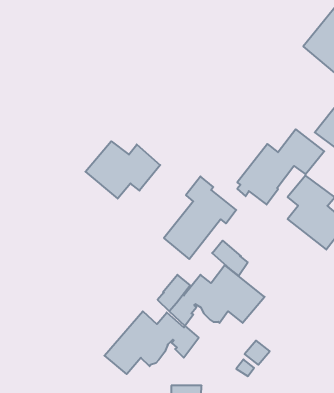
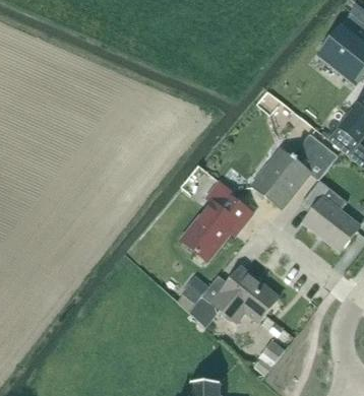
building: [85,141,160,199] -> none
building: [212,241,248,276] -> none
building: [104,311,199,374] -> none

